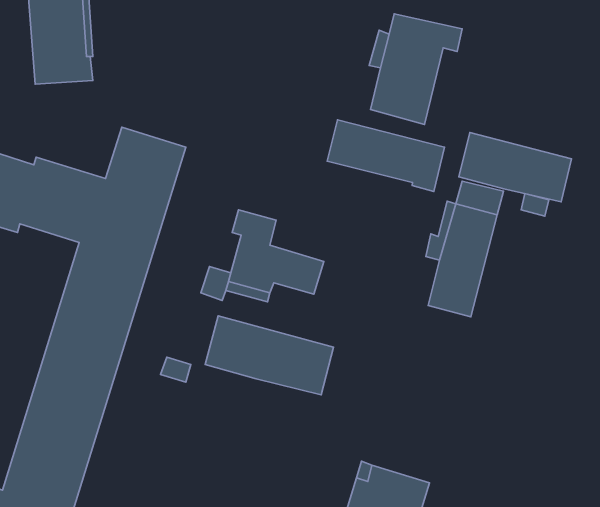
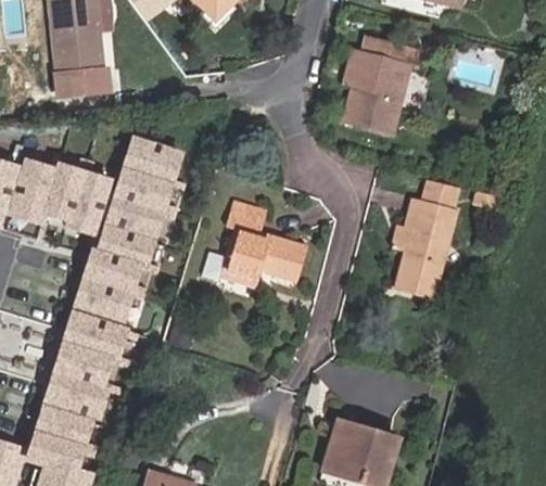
building: [327,120,445,192] -> none
building: [459,132,572,202] -> none
building: [205,316,333,395] -> none

